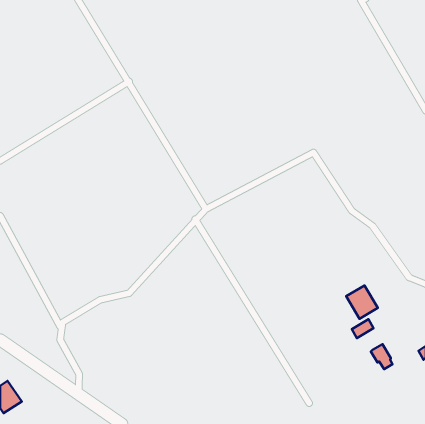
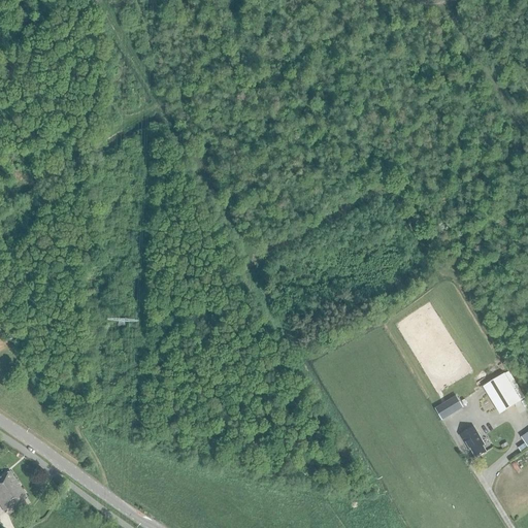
building: [346,285,378,319] -> [484,371,523,412]

